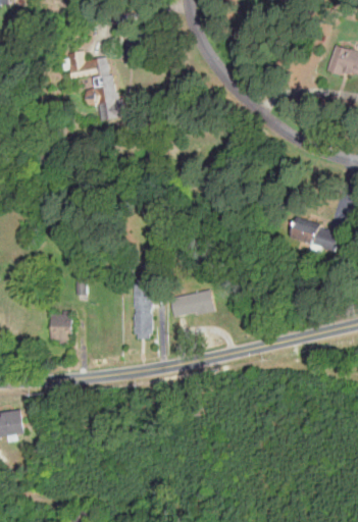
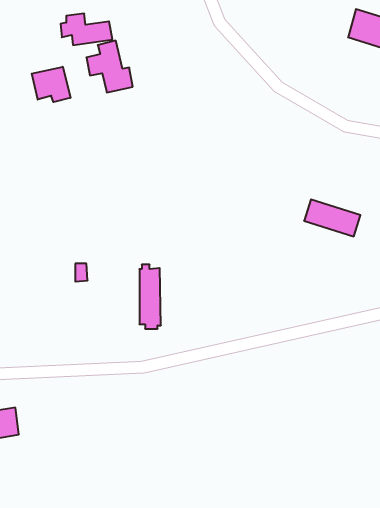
building: none -> [32,67,70,102]
building: [171,288,218,315] -> none
building: [50,310,72,344] -> none

